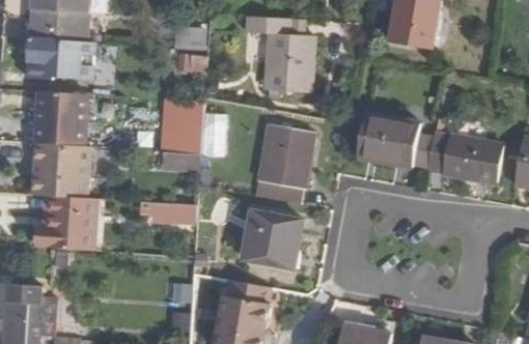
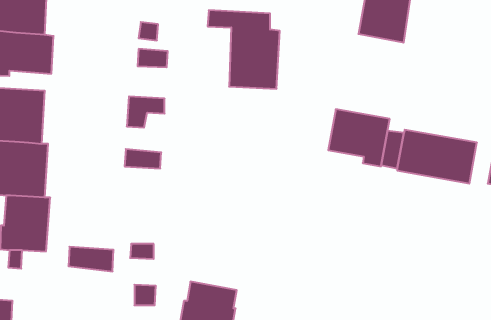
building: [161,115,202,153] -> none
building: [255,124,315,203] -> none
building: [152,201,196,225] -> [68,247,114,271]
building: [242,209,303,268] -> none

